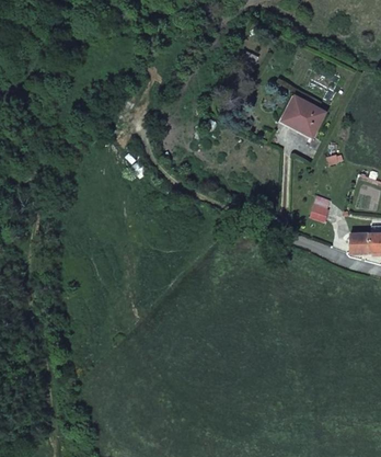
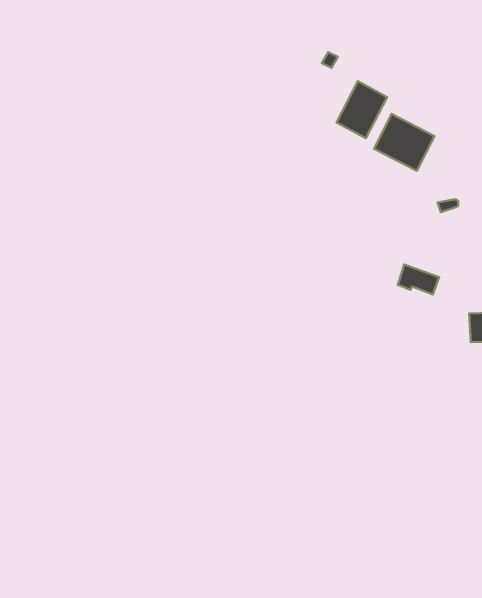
building: none -> [337,81,387,138]

